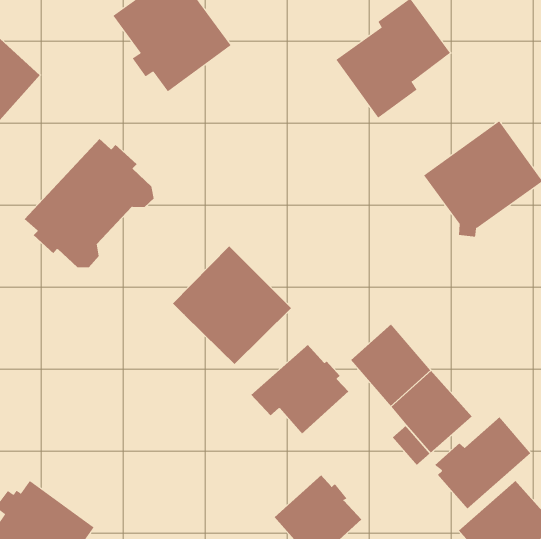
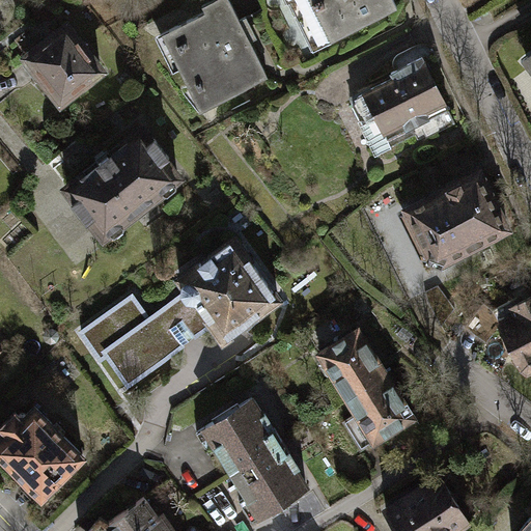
building: none -> [80,292,211,386]
building: [251,344,349,434] -> [195,399,278,474]
building: [434,417,531,509] -> none

